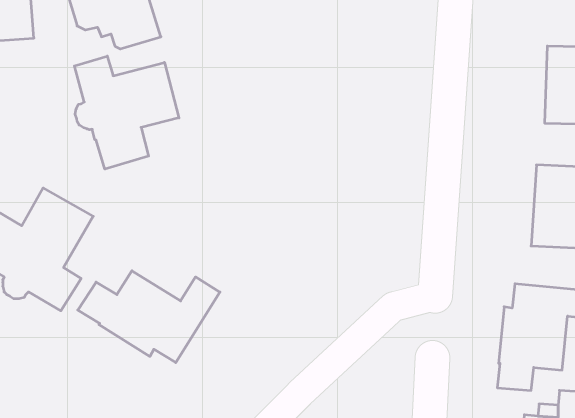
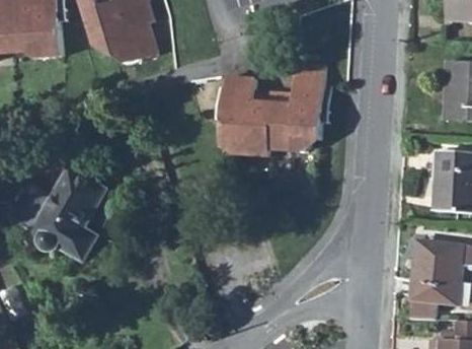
building: none -> [221,63,325,156]
building: [74,56,179,169] -> none
building: [78,271,220,363] -> none

